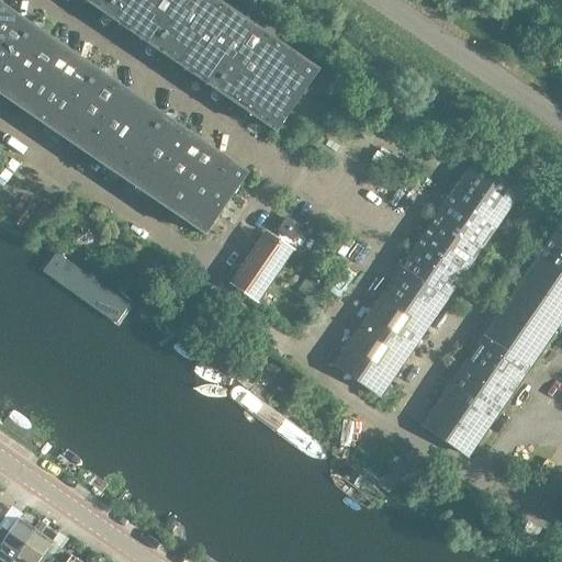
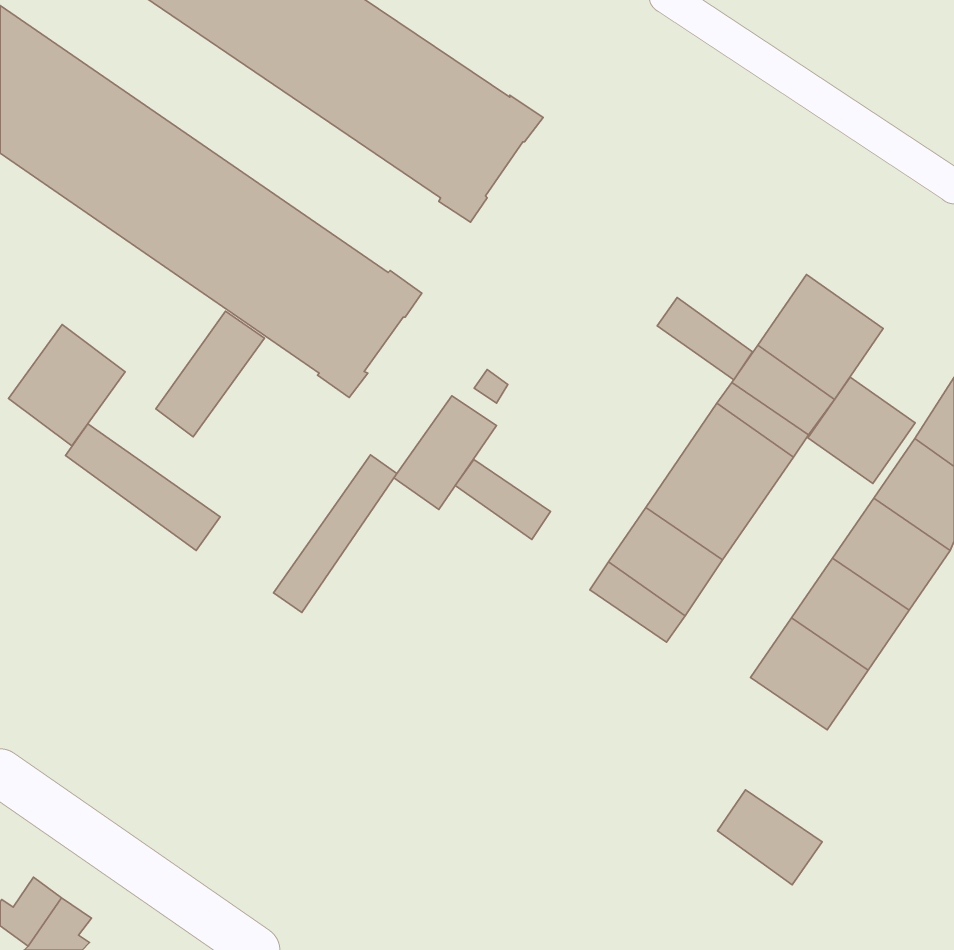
building: none -> [657,298,752,380]
building: none -> [156,311,265,437]
building: none -> [9,325,125,446]
building: none -> [808,377,915,484]
building: none -> [273,455,397,612]
building: [336,347,392,394] -> [455,459,550,540]
building: [425,398,486,454] -> [718,790,822,885]

